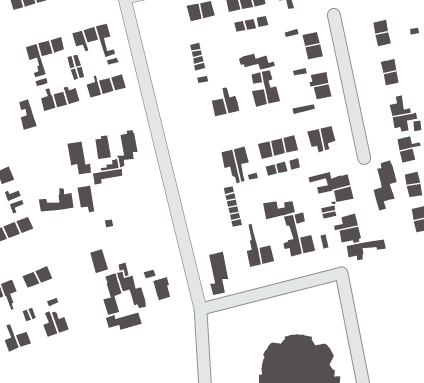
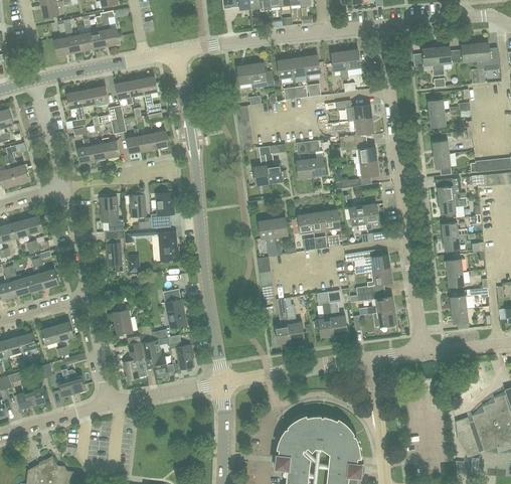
building: [238,53,276,71] -> none
building: [18,98,38,131] -> none
building: [373,159,398,212] -> none
building: none -> [158,231,177,262]
building: [38,187,74,212] -> none
building: [262,200,296,220] -> none
building: none -> [164,290,187,328]
building: [346,239,387,261] -> none
building: [208,251,229,296] -> none
building: [105,311,143,331] -> none

